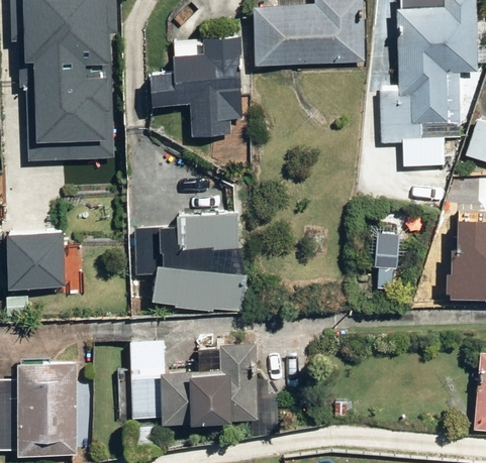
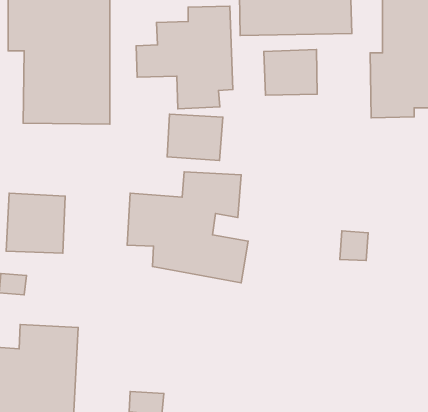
building: none -> [264,50,317,95]
building: none -> [167,114,223,161]
building: [120,339,269,429] -> none

